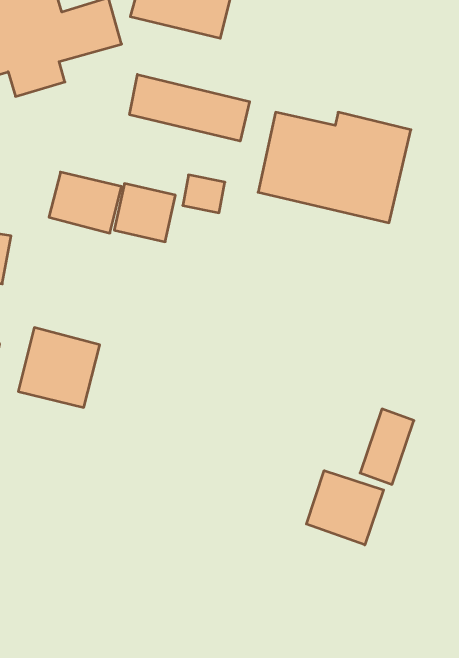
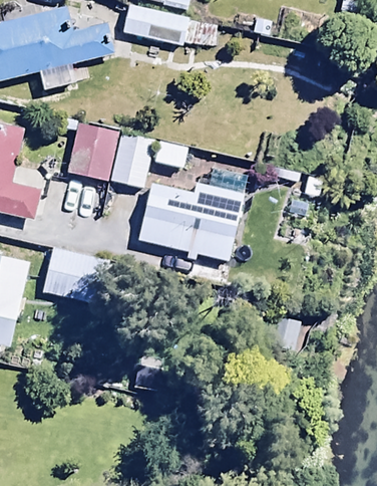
building: [130,74,250,141] -> none
building: [258,112,411,223] -> [138,184,244,260]
building: [306,471,384,545] -> none

